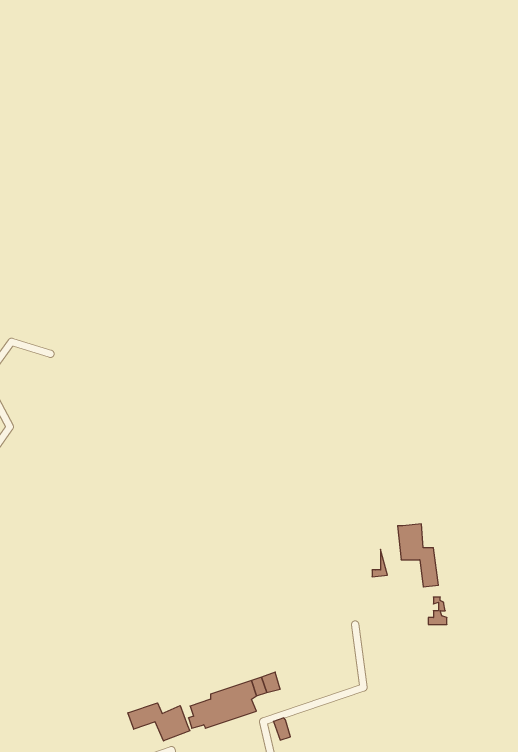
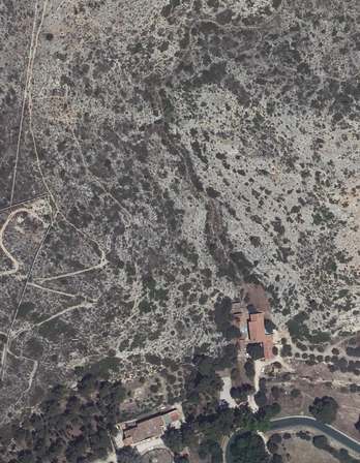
building: [128,703,190,741] -> none

